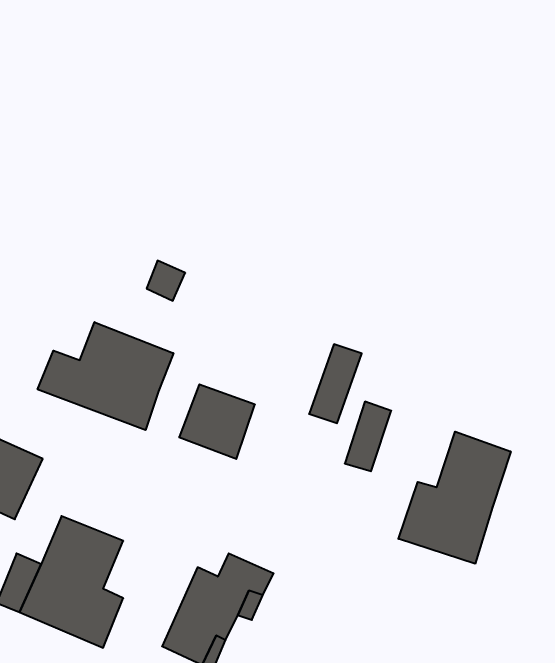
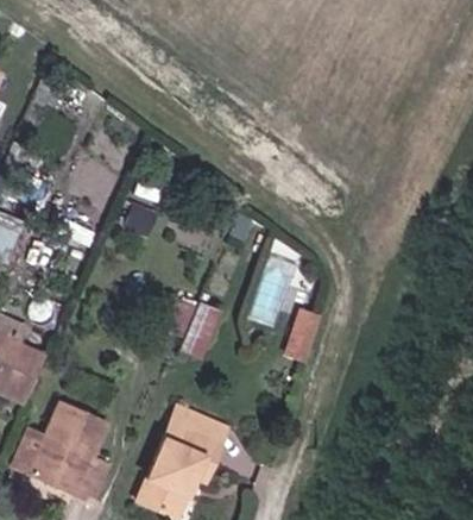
building: [38,322,173,430] -> none
building: [398,432,511,564] -> none

